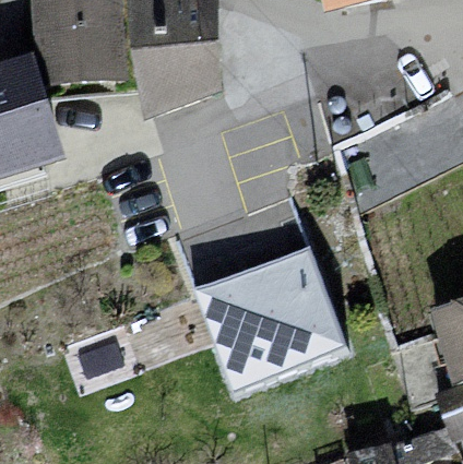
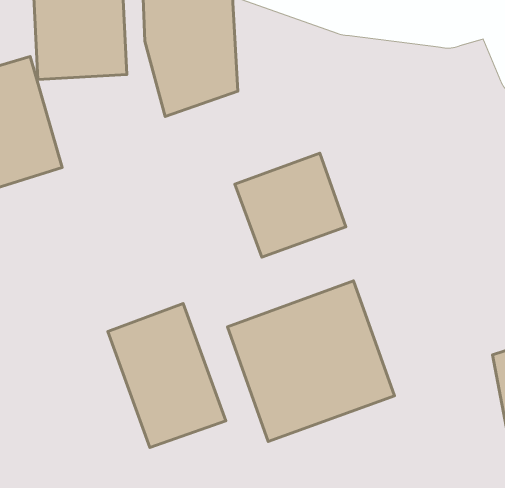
building: none -> [235,153,346,257]
building: none -> [108,303,226,447]

